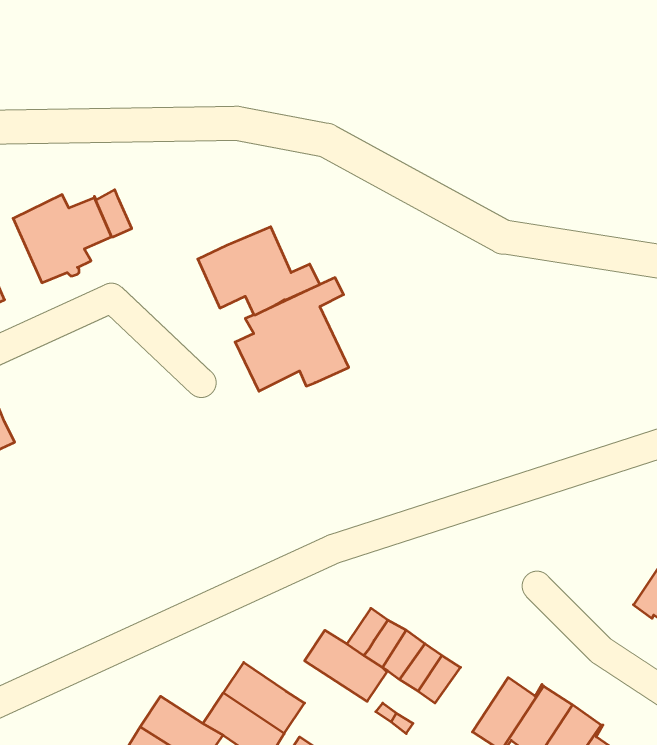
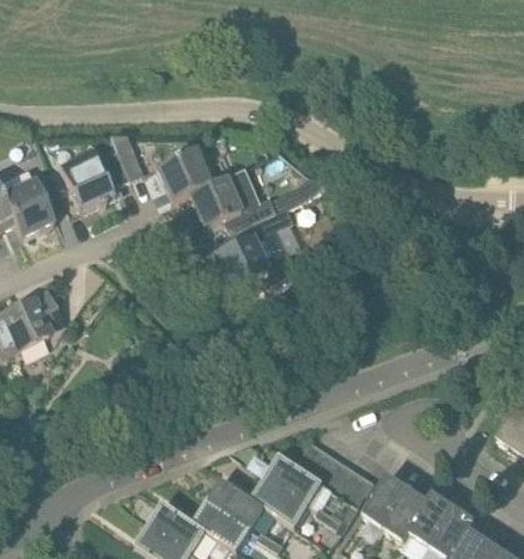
building: none -> [157,149,211,201]
building: none -> [362,475,409,527]
building: none -> [252,477,310,527]

